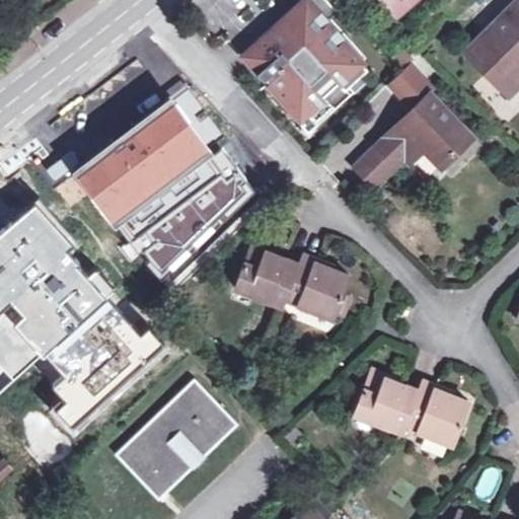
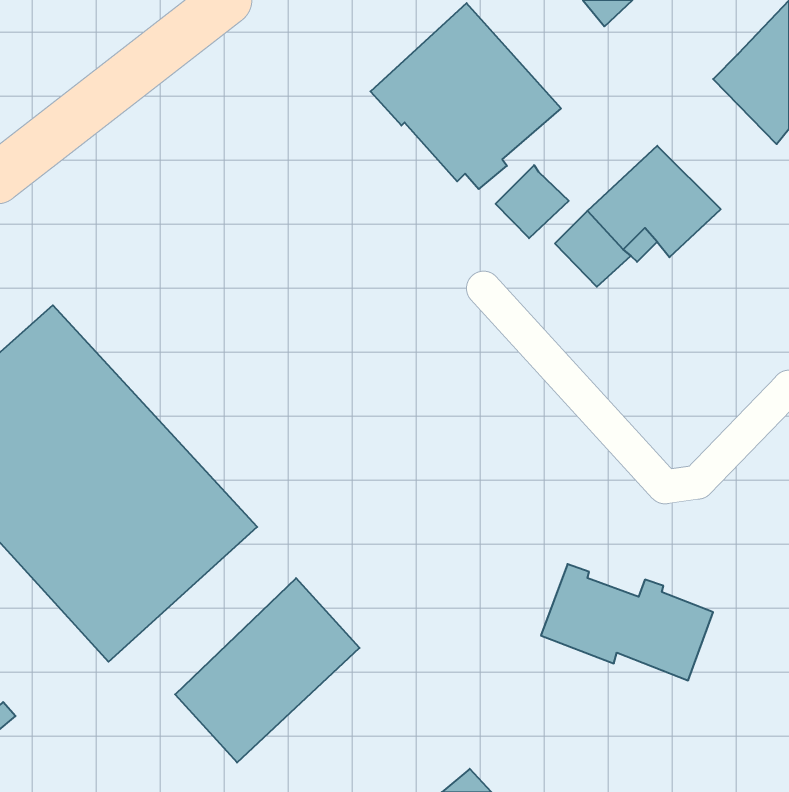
building: [385,61,431,106] -> none
building: [62,84,256,291] -> none
building: none -> [496,165,569,238]
building: [234,243,349,316] -> none

